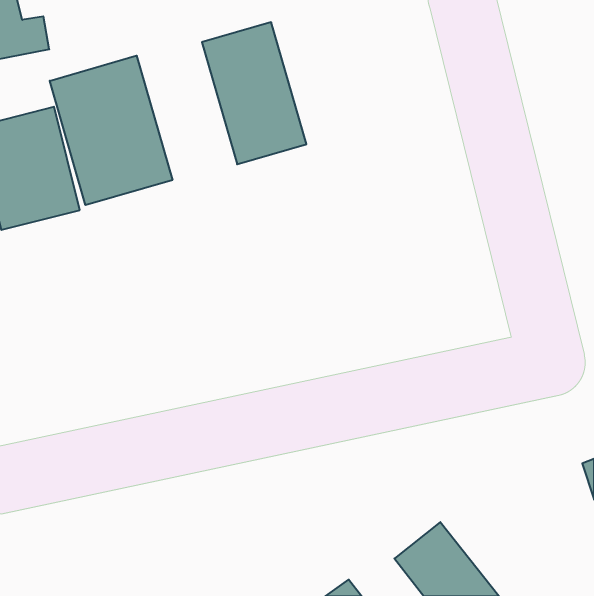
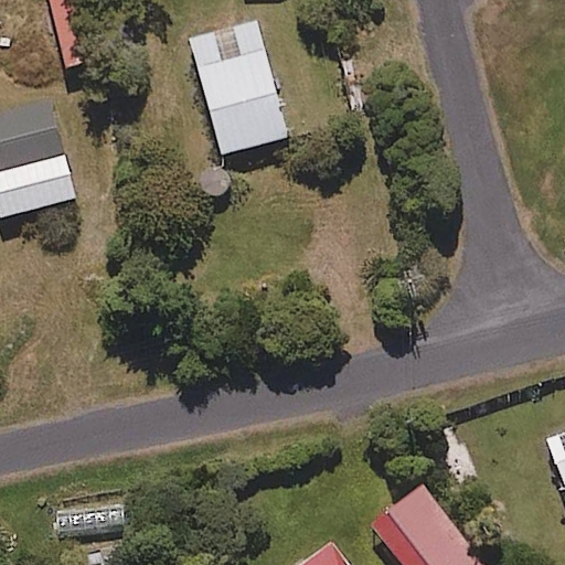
building: [50,56,172,205] -> none

